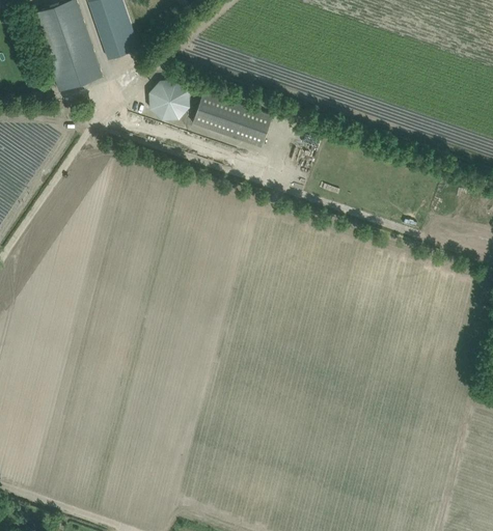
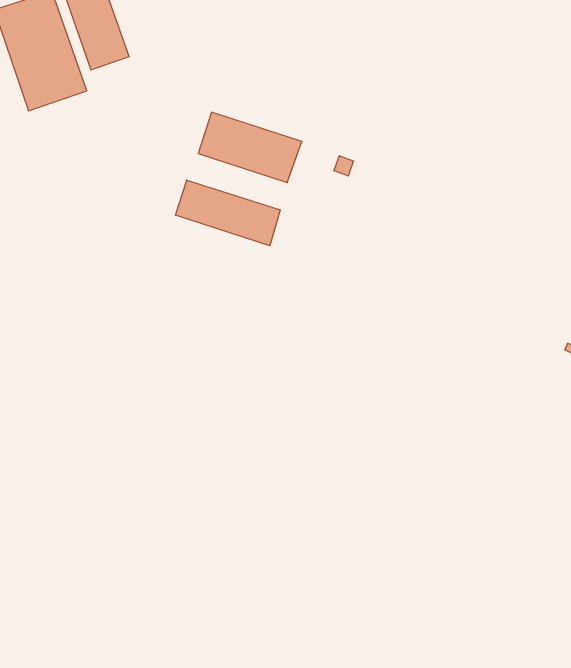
building: [148,80,189,120] -> none
building: none -> [175,180,280,246]

